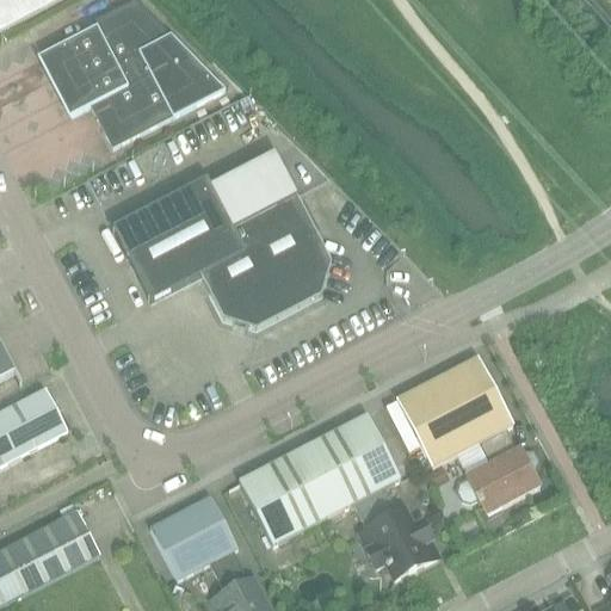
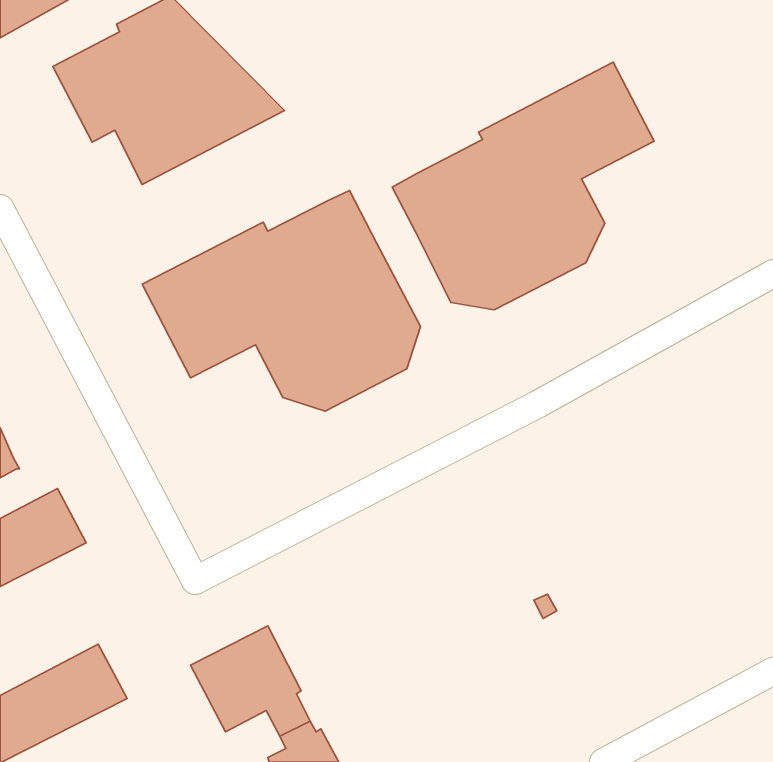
building: none -> [392,62,654,310]
building: [396,354,539,511] -> none
building: [239,413,443,581] -> none

